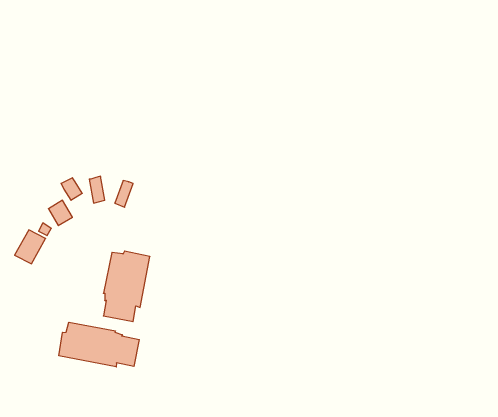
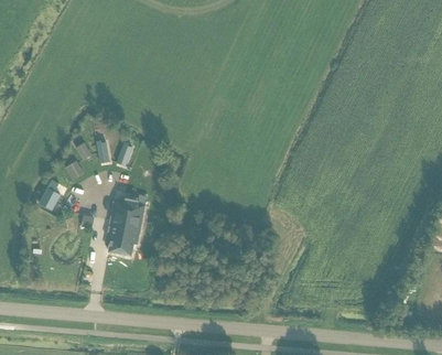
building: [59,322,139,367] -> none

